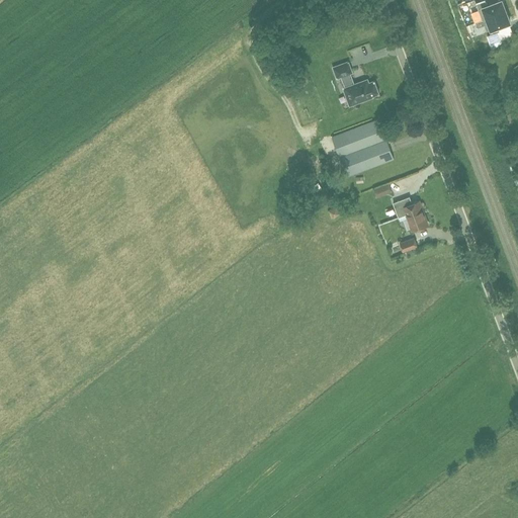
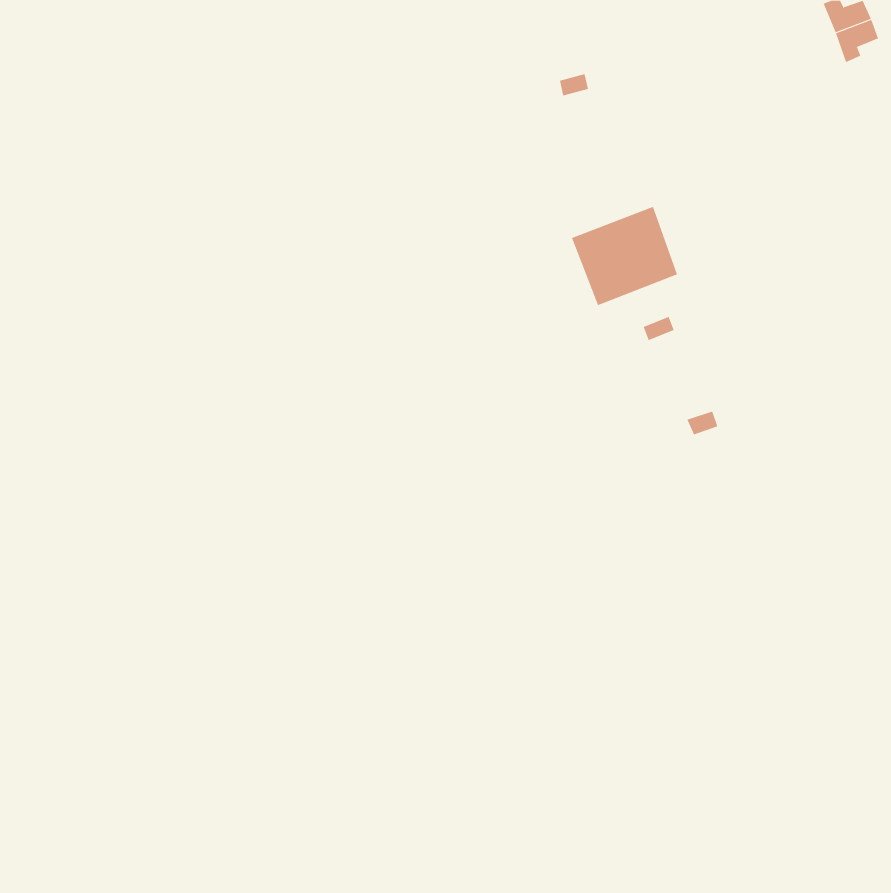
building: [332,62,378,103] -> none
building: [392,197,428,231] -> none

